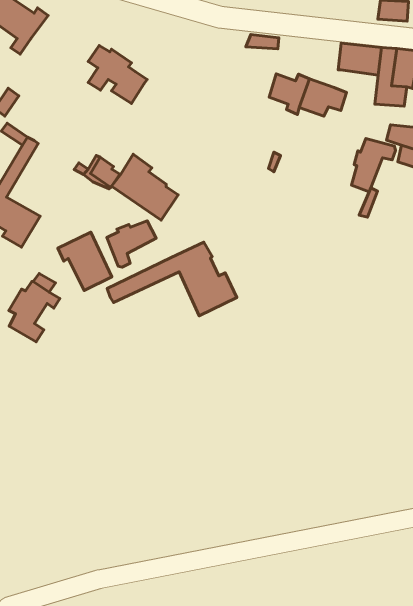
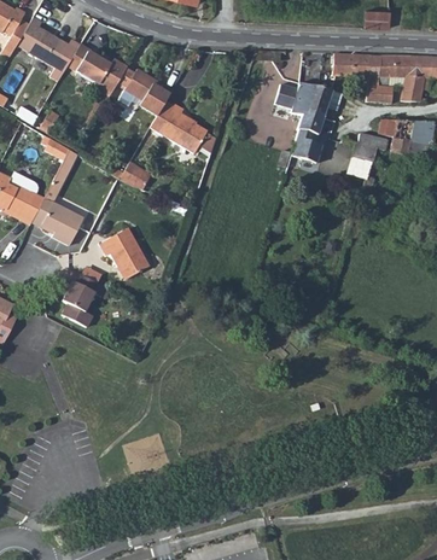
building: none -> [66,45,126,95]
building: none -> [291,110,334,163]
building: [112,154,178,220] -> [150,98,208,153]
building: [107,221,156,267] -> none
building: [107,242,237,316] -> none

